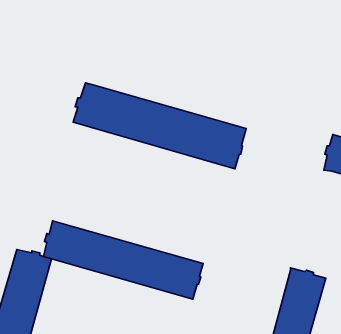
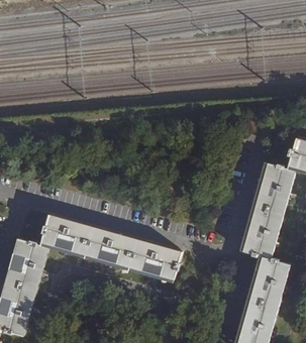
building: [73,83,246,169] -> none
building: none -> [240,162,295,258]

